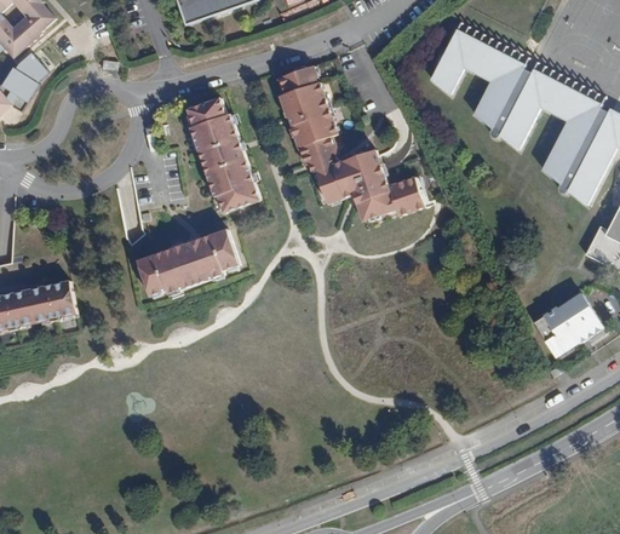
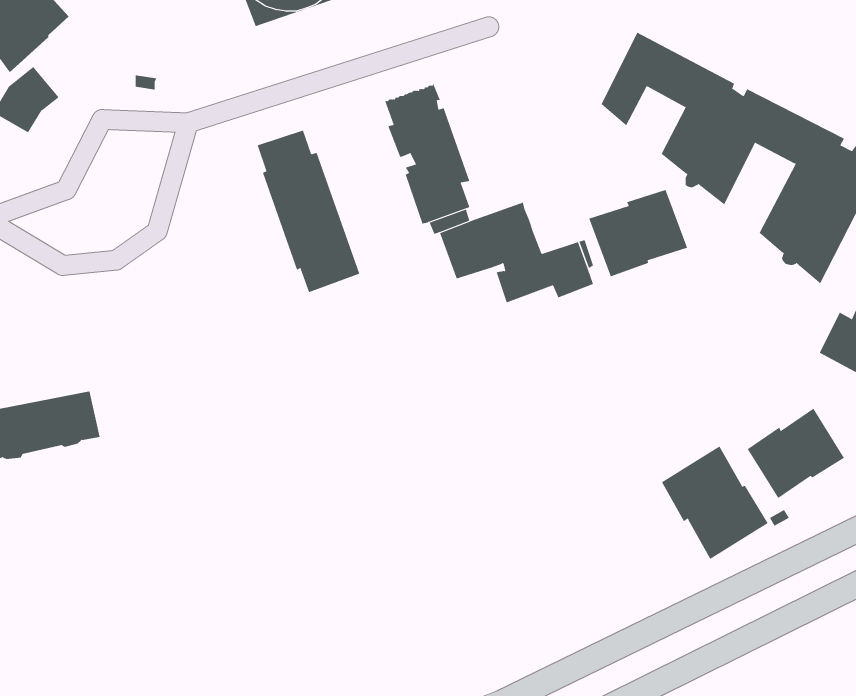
building: none -> [589,189,688,277]
building: [137,228,239,294] -> none
building: none -> [661,446,769,560]

